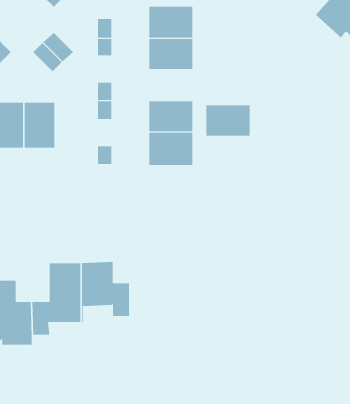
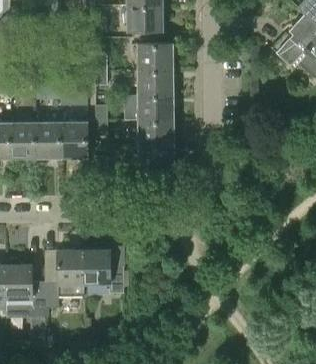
building: none -> [62,121,88,158]
building: [206,105,250,136] -> [137,95,173,120]

